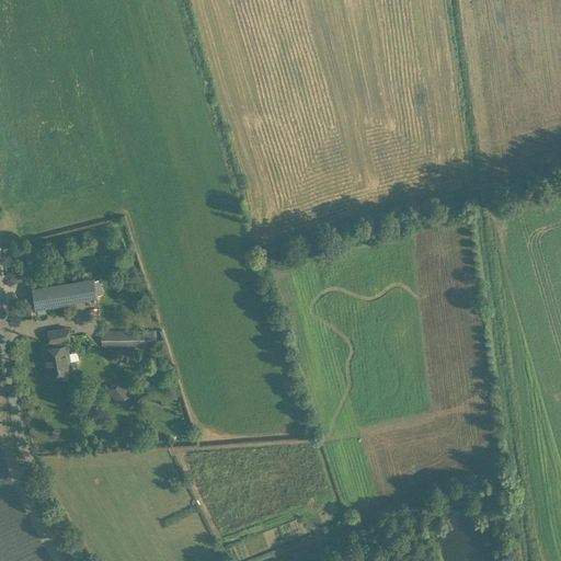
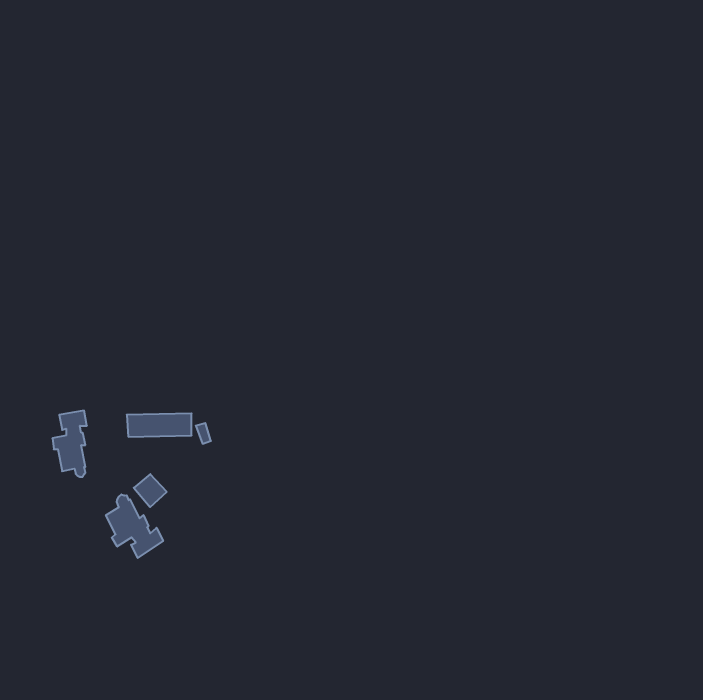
building: [32,278,96,311] -> none
building: none -> [106,494,163,558]

